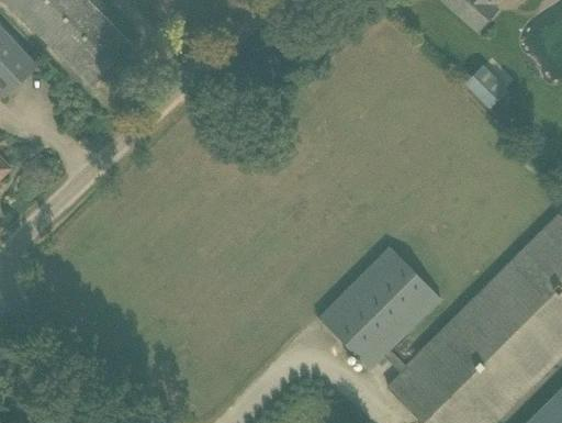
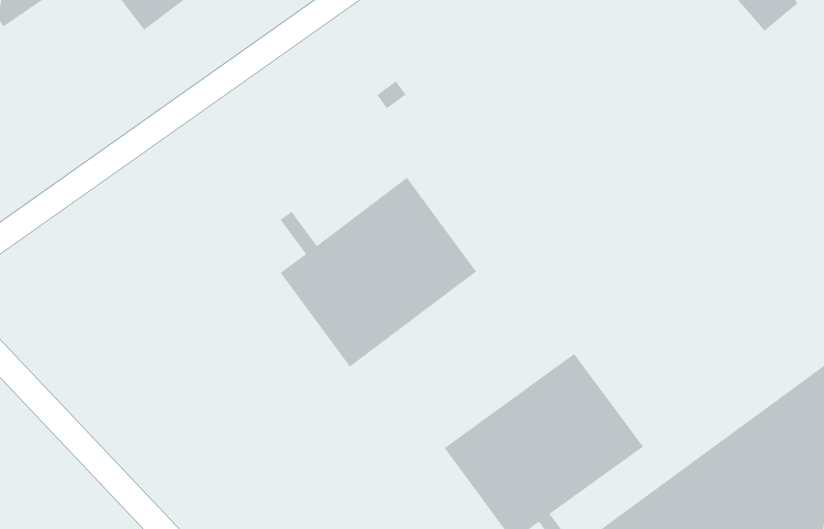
building: [467,66,501,103] -> none
building: none -> [280,177,477,367]

